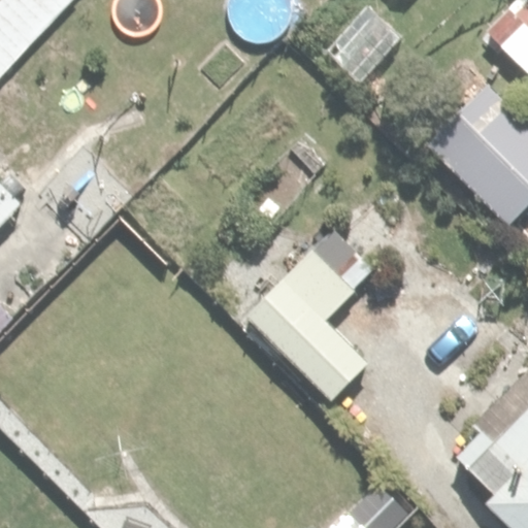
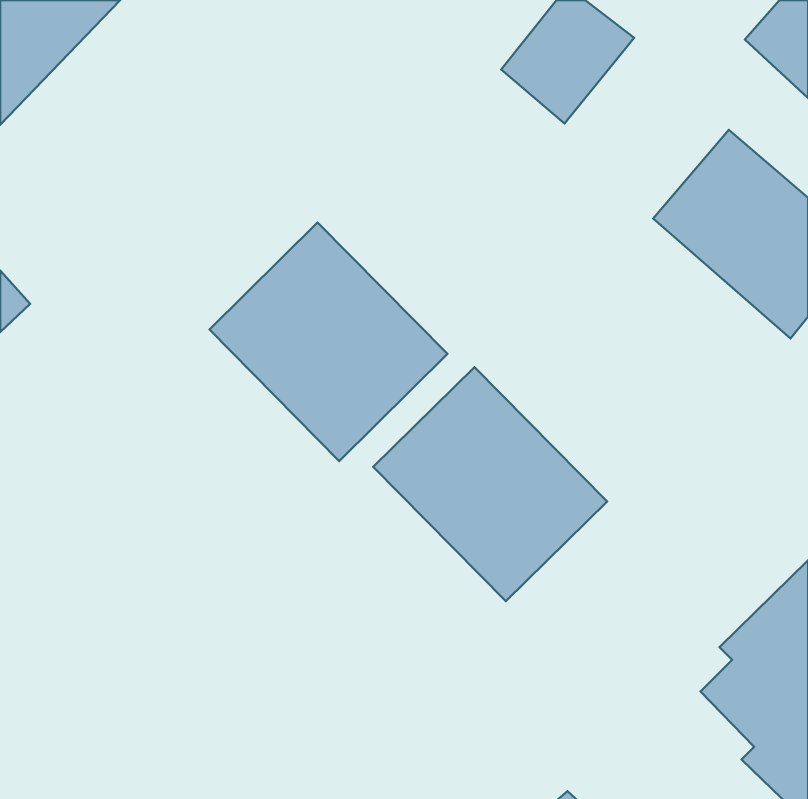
building: none -> [209,222,447,461]

